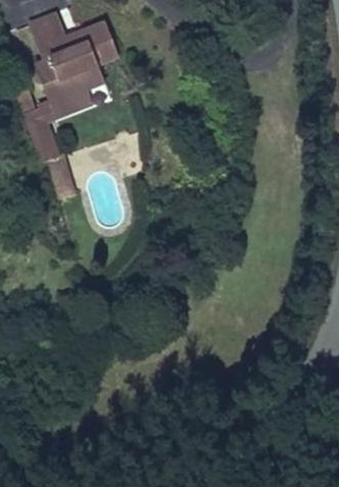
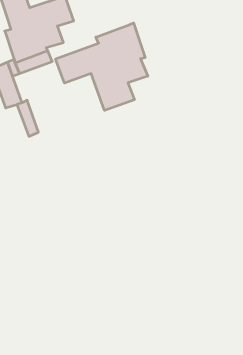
building: none -> [56,23,148,110]

